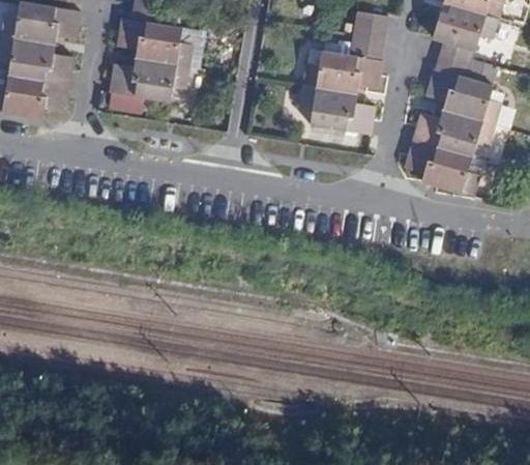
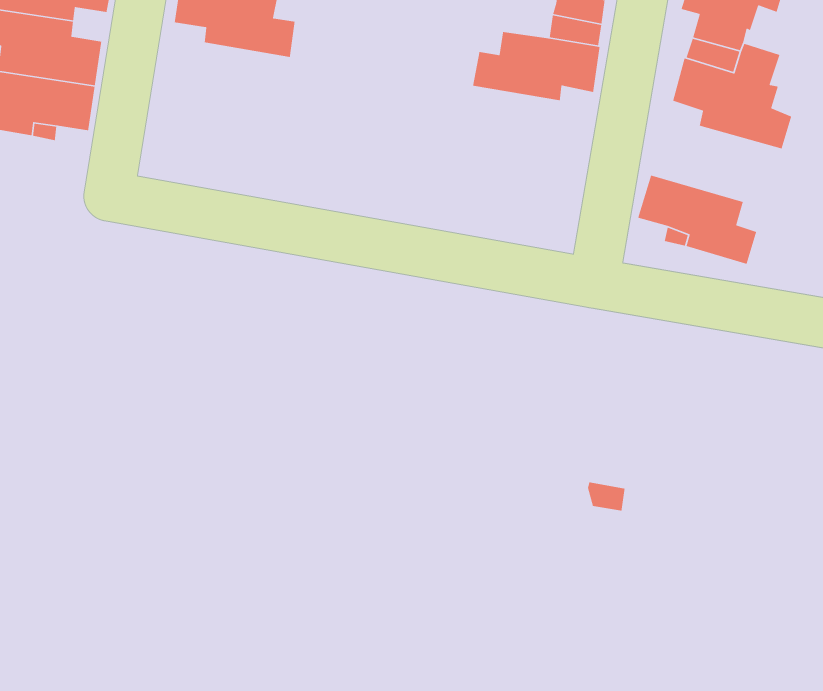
building: [110,58,189,101] -> none
building: [299,85,375,135] -> none
building: [413,110,495,156] -> none

